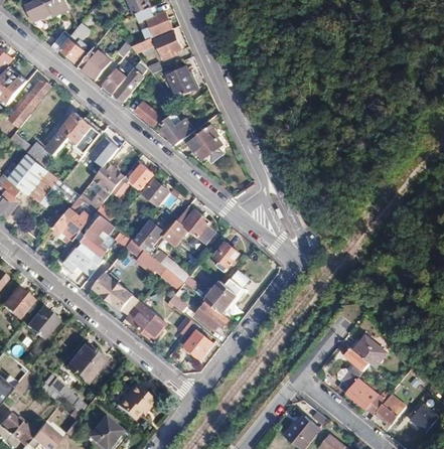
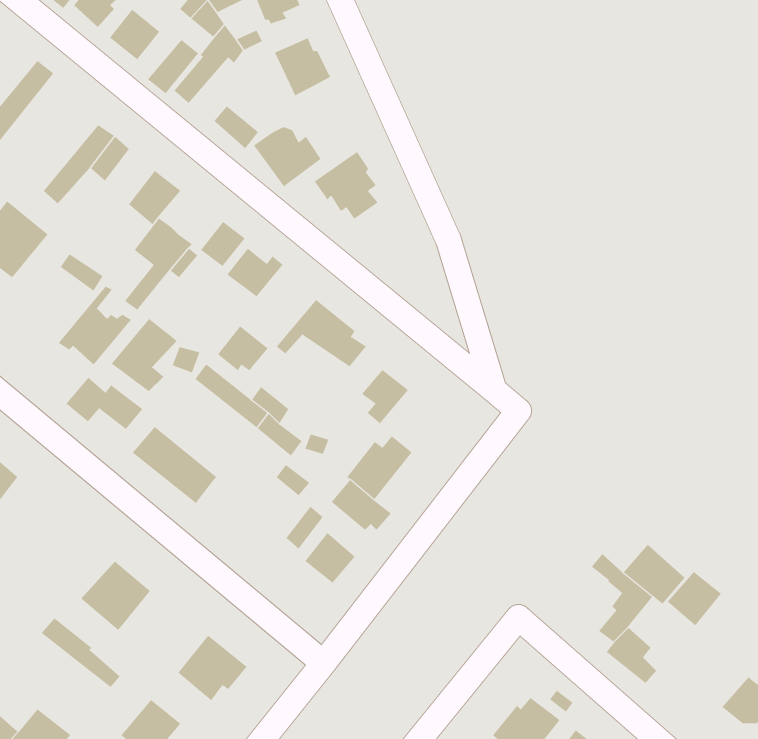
building: [125,301,165,339] -> none
building: [27,307,57,337] -> none
building: [376,394,405,423] -> [667,571,722,626]

